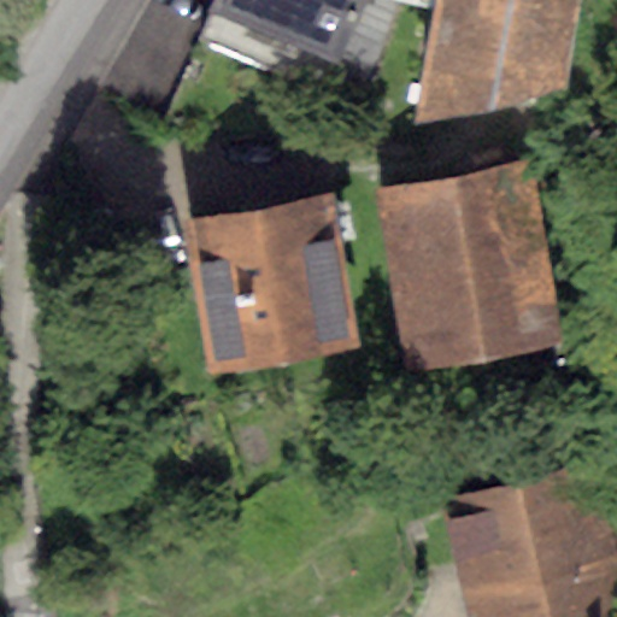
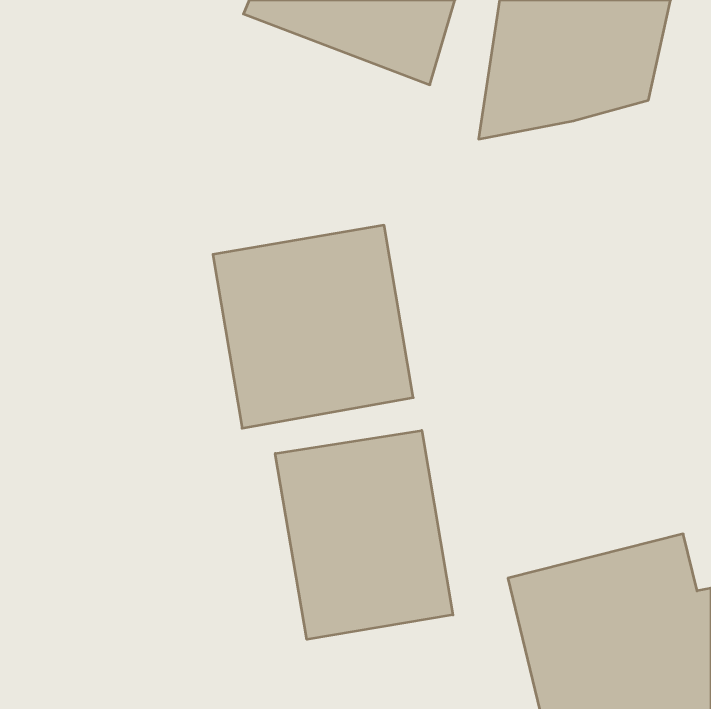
building: [377,161,563,371] -> none
building: none -> [275,430,453,639]

